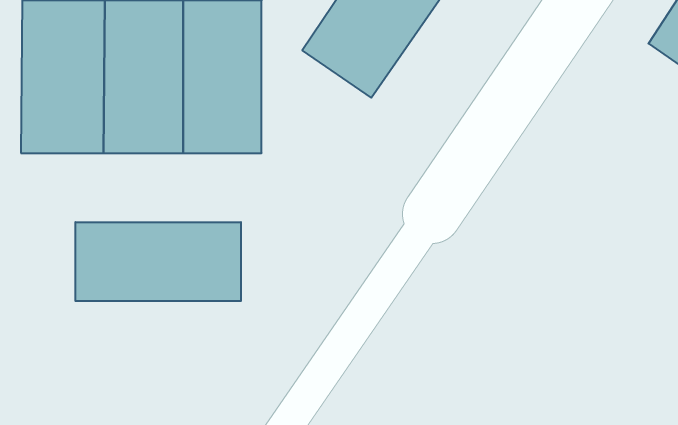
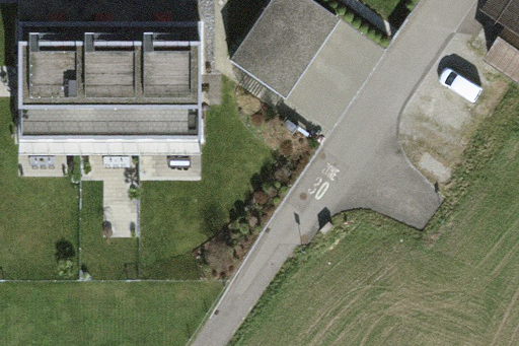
building: [75,222,241,301] -> none

